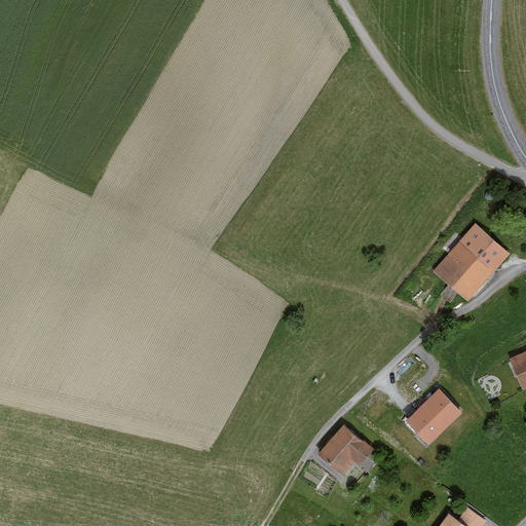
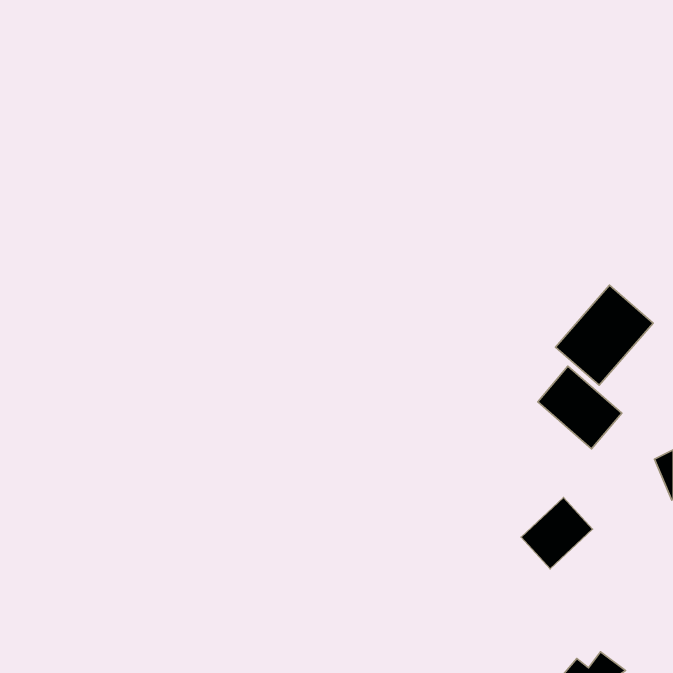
building: none -> [538,366,622,449]
building: [317,425,373,476] -> none

